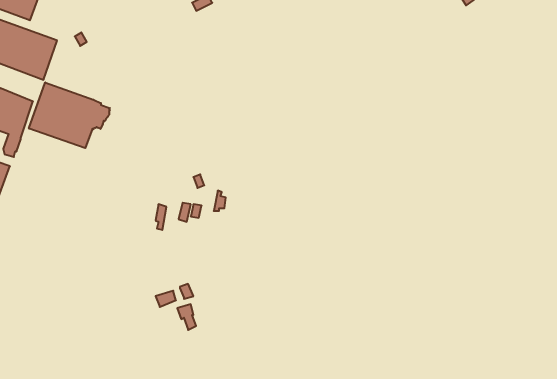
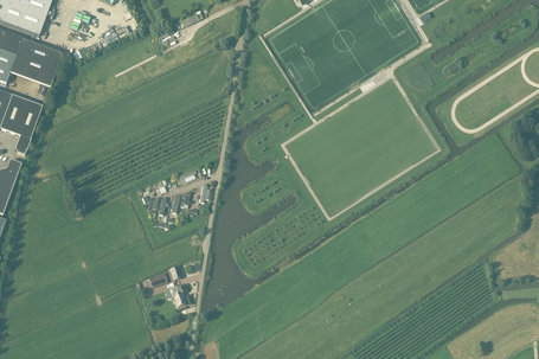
building: [29,82,110,148] -> none

